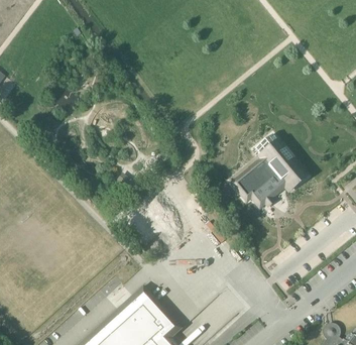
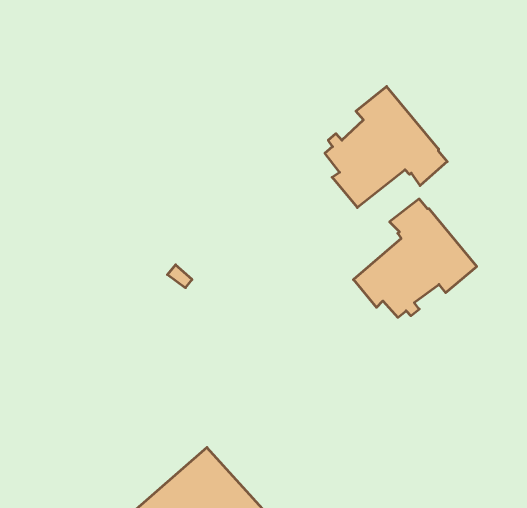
building: none -> [325,86,447,208]

